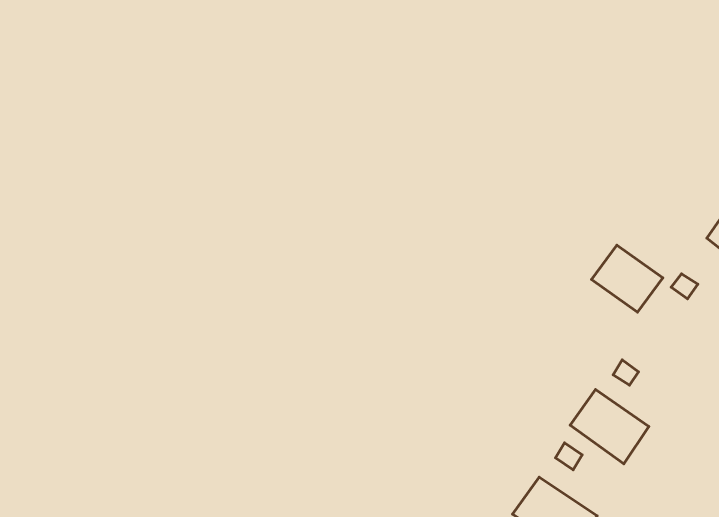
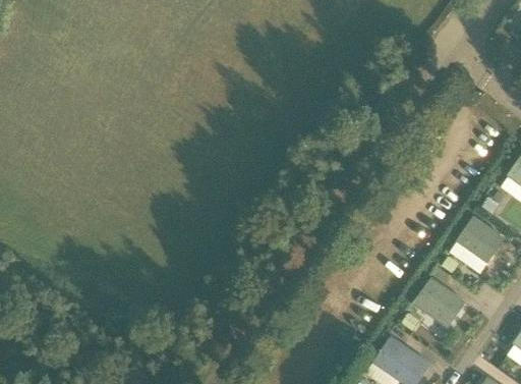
building: [592,245,663,312] -> [456,217,505,263]

